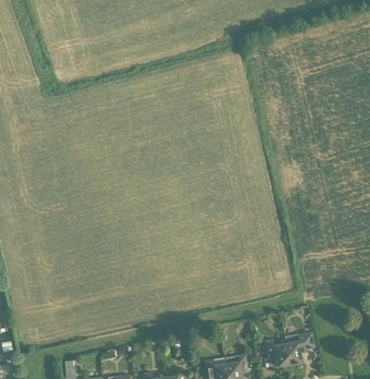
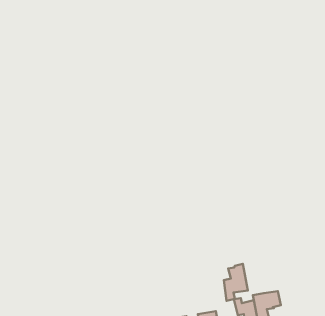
building: none -> [224,264,248,301]

